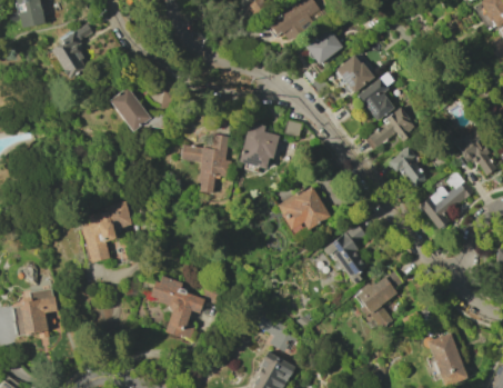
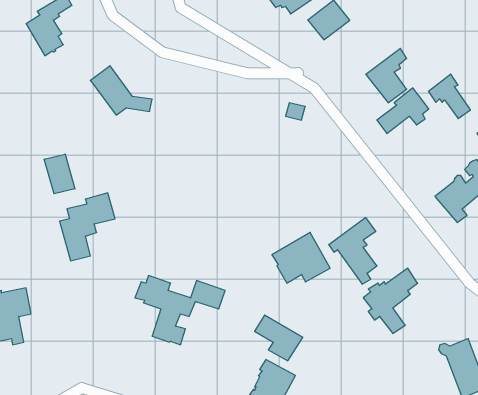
building: [335,54,374,92] -> none
building: [240,121,280,169] -> none
building: [182,135,232,193] -> none
building: [389,146,426,186] -> [428,74,470,119]
building: none -> [44,154,75,194]
building: [278,185,330,230] -> [272,232,330,283]

